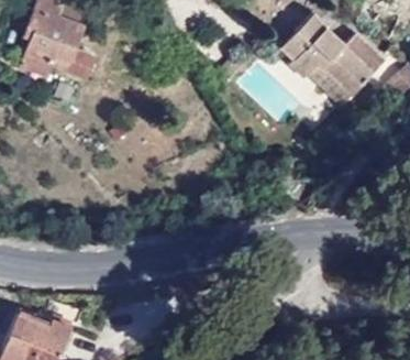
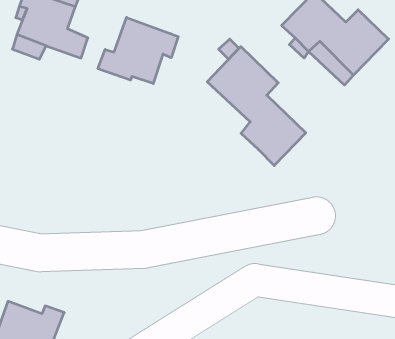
building: none -> [98,17,178,84]
building: none -> [207,47,306,166]

